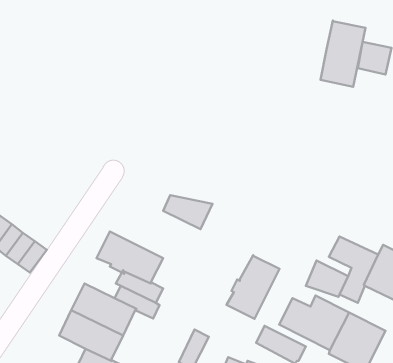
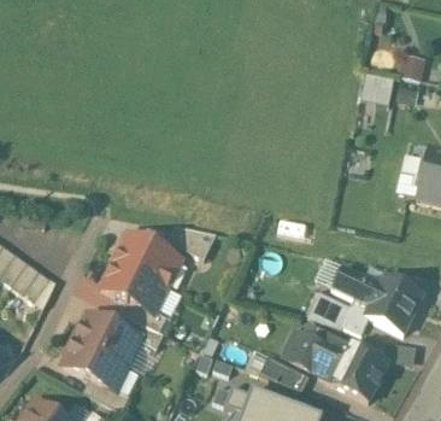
building: [321,21,365,87] -> none
building: none -> [113,233,177,287]
building: [226,255,279,319] -> none

